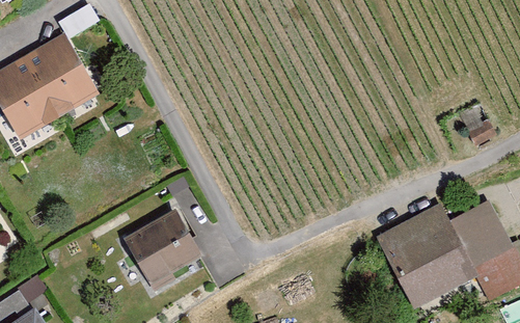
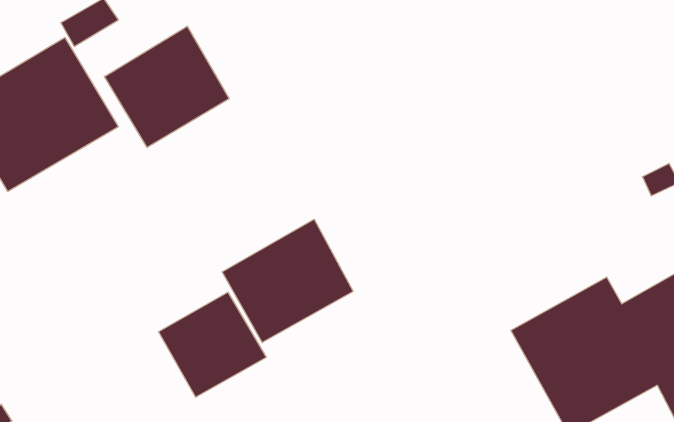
building: none -> [104,26,229,148]
building: none -> [222,219,353,343]

